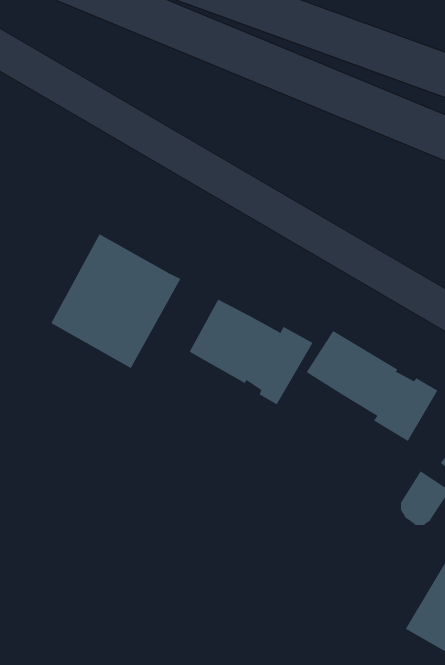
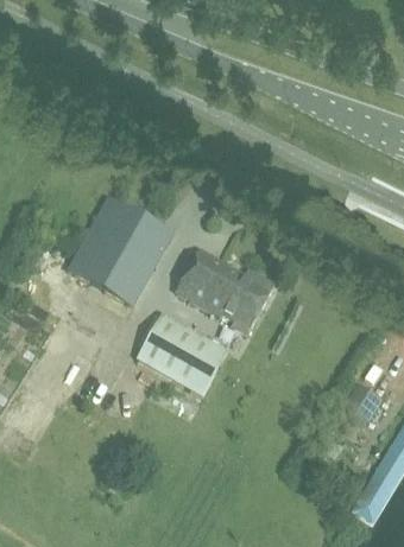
building: [306,330,438,442] -> none
building: none -> [138,313,227,394]

